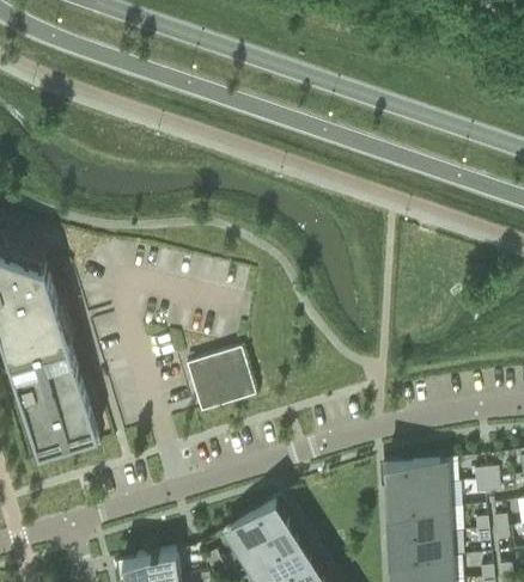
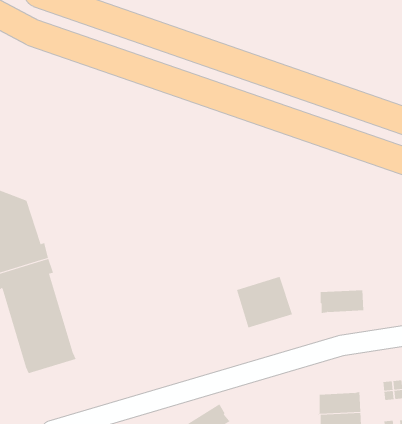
building: [185,348,255,411] -> [236,276,293,328]
building: [385,459,439,488] -> [320,290,364,313]

